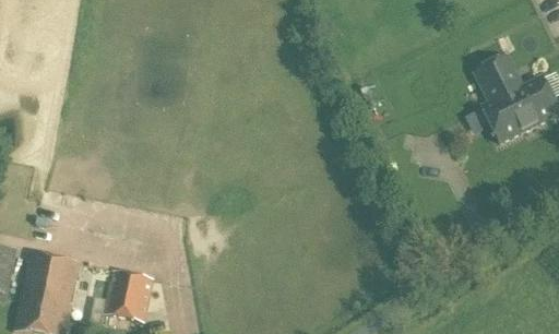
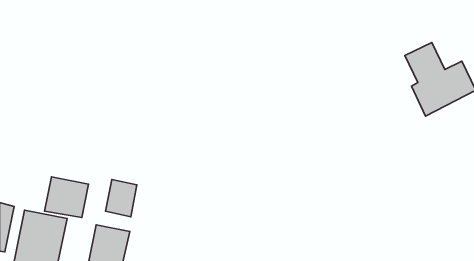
building: none -> [44,177,89,217]
building: none -> [105,179,137,217]

